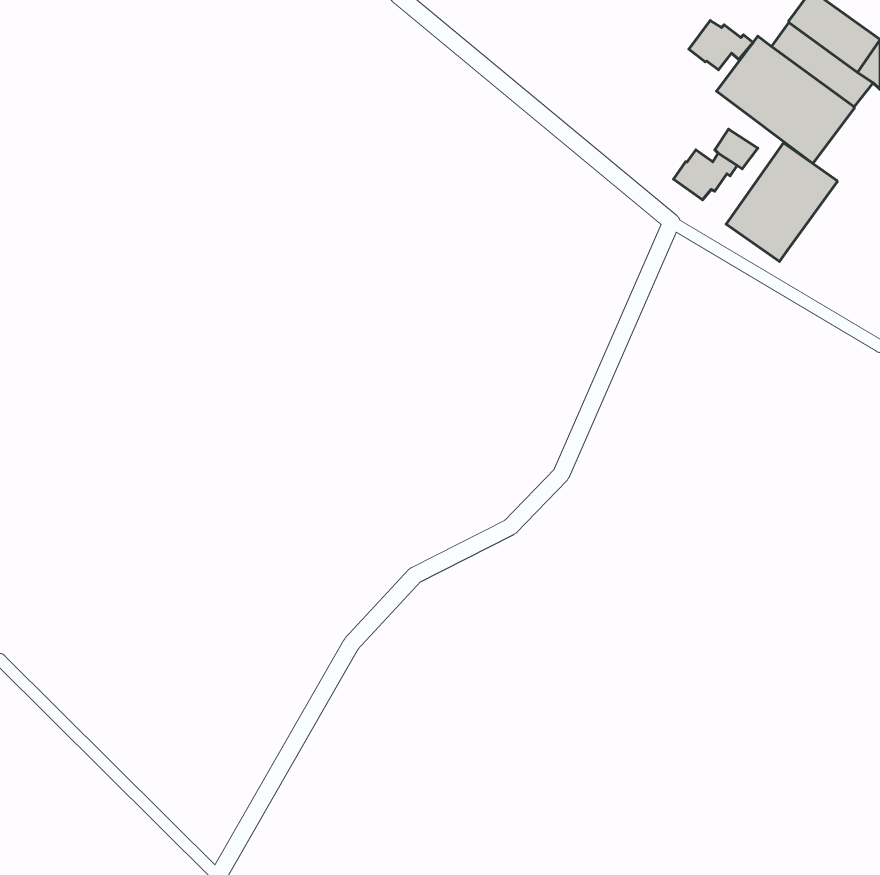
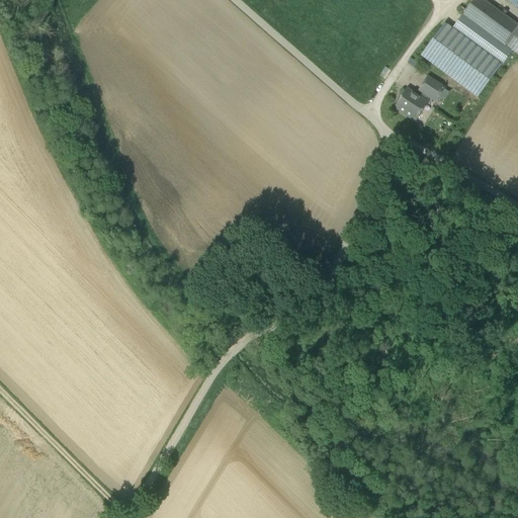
building: [689,21,753,70] -> none
building: [726,143,837,262] -> none

